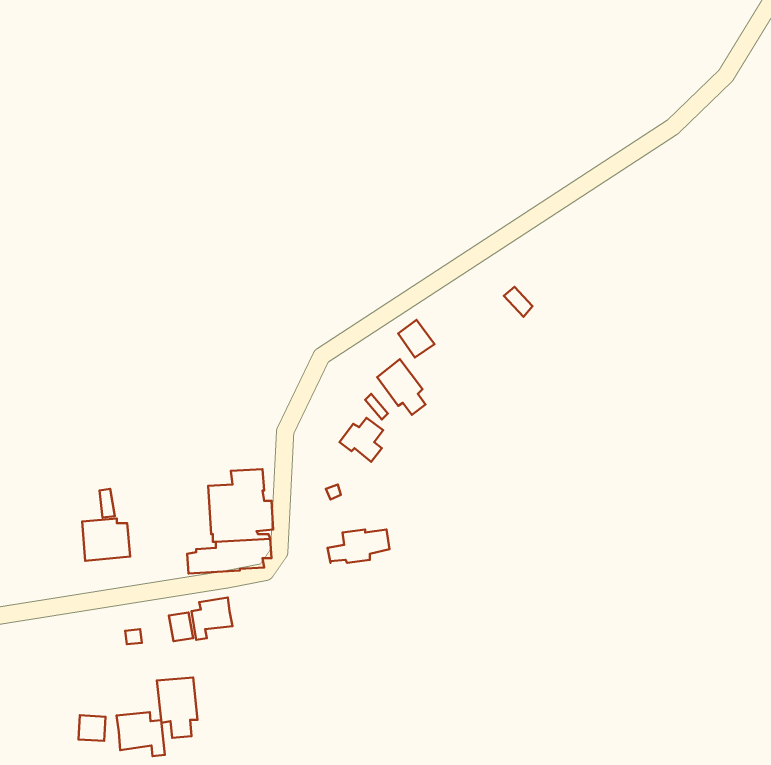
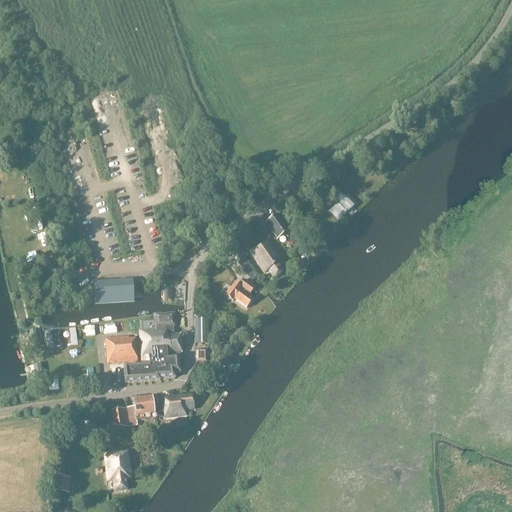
building: none -> [95,278,133,301]
building: [82,519,130,561] -> [105,334,137,362]
building: [327,530,389,563] -> [152,393,193,415]
building: [117,712,165,756] -> none

